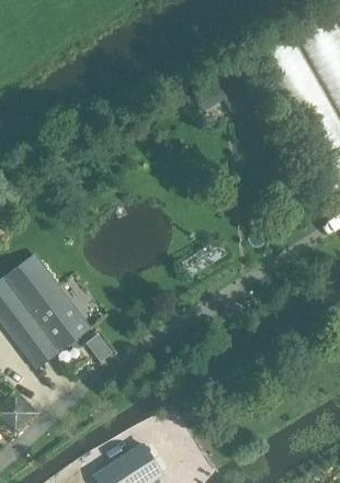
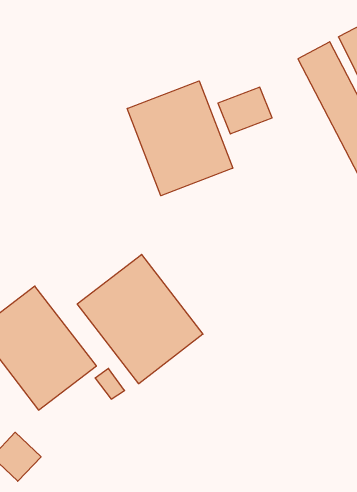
building: none -> [127,81,233,196]
building: none -> [77,254,203,384]

